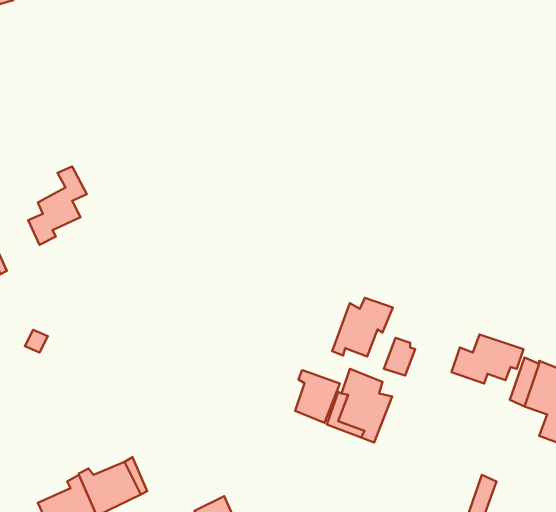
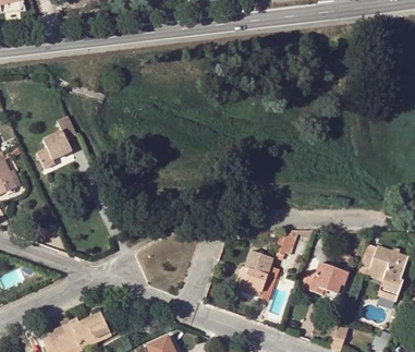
building: [332,298,393,357] -> none
building: [452,335,523,384] -> [301,263,349,295]
building: [295,370,340,423] -> none

